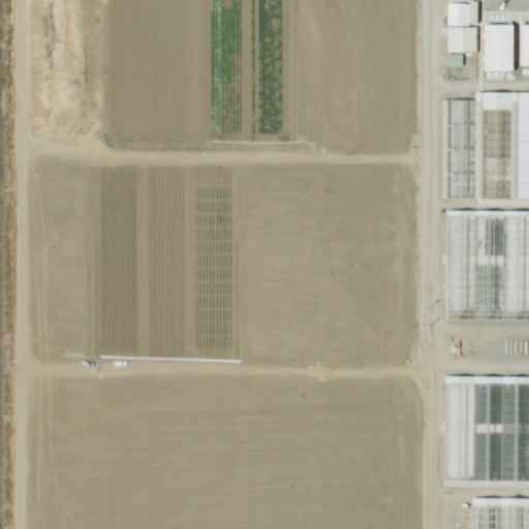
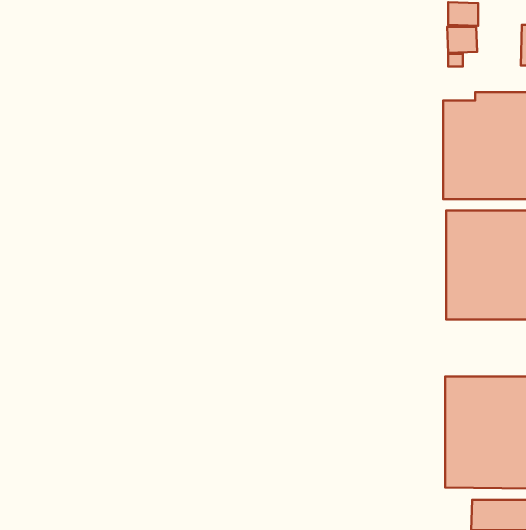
building: [487,25,517,71] -> none

